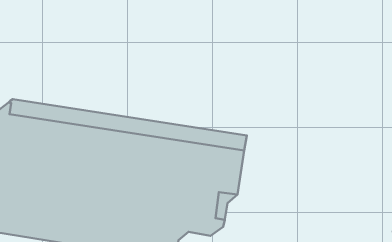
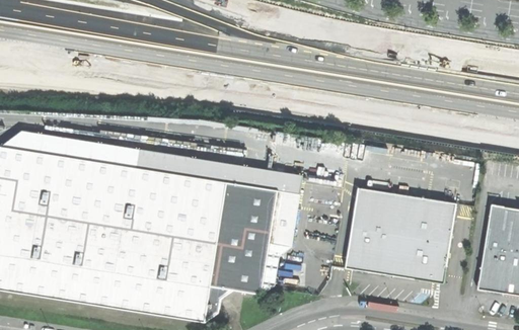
building: none -> [343,184,456,281]

